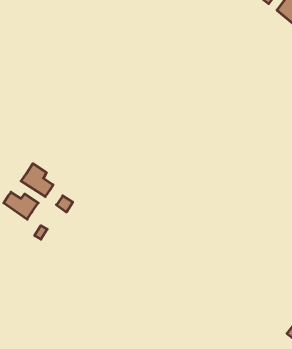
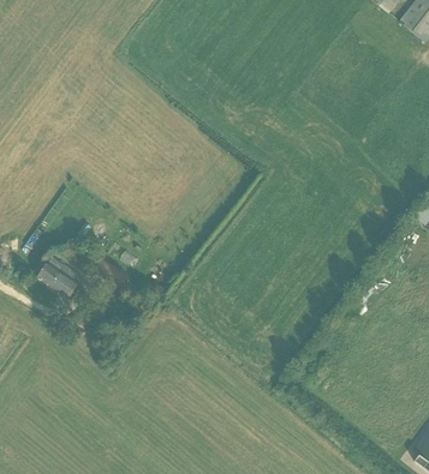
building: [21,164,53,197] -> none

